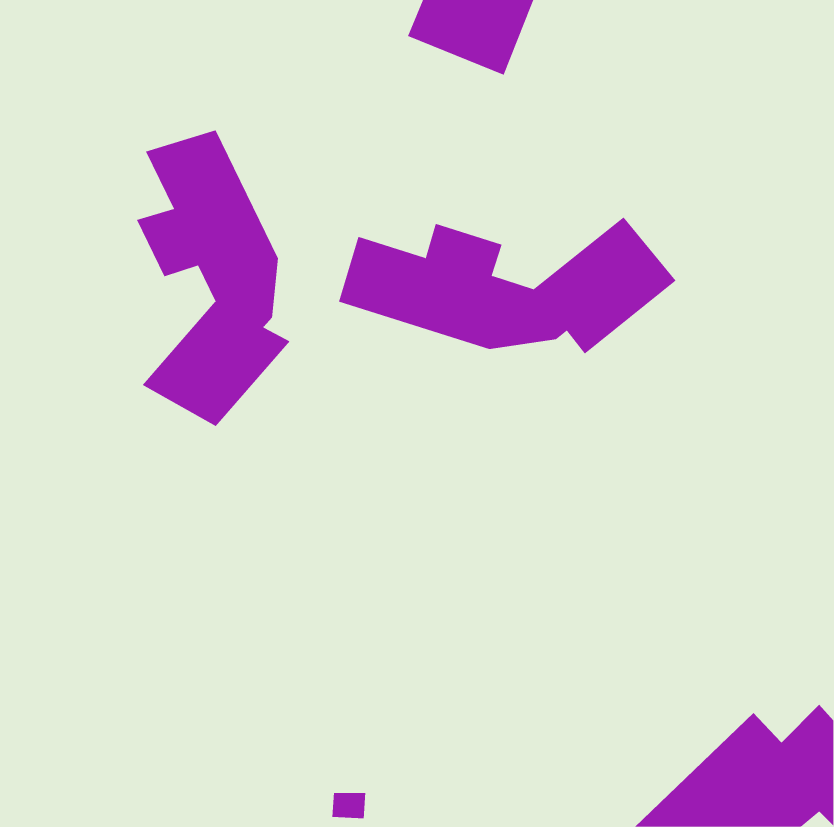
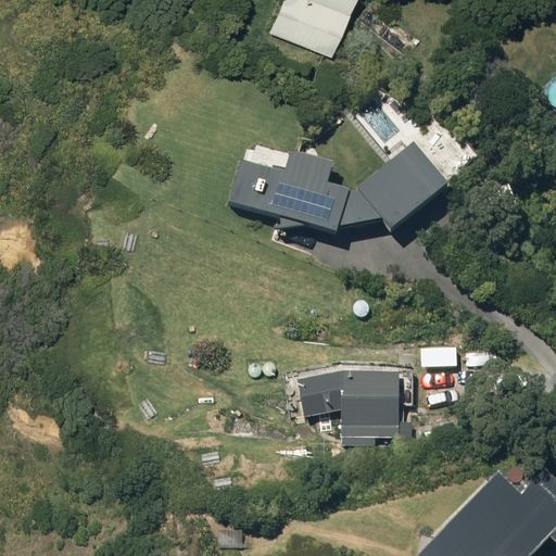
building: [136,129,291,427] -> none
building: none -> [304,368,413,441]

